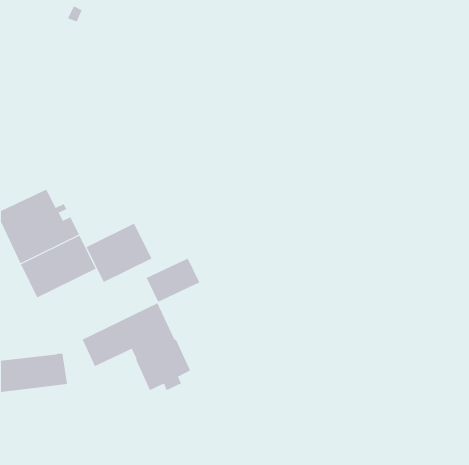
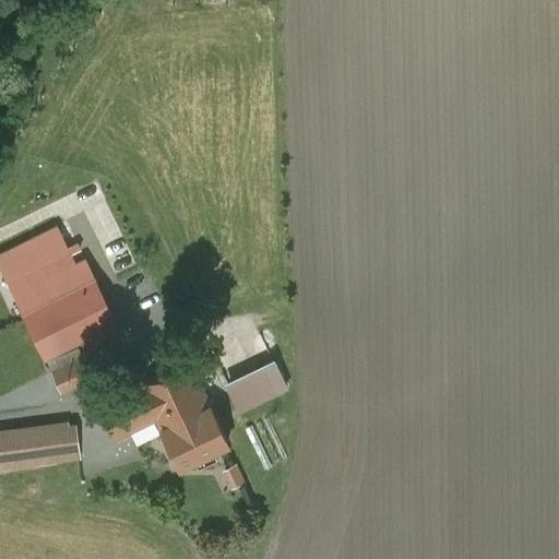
building: [86,223,152,283] -> none
building: [146,258,200,303] -> [223,360,287,414]

